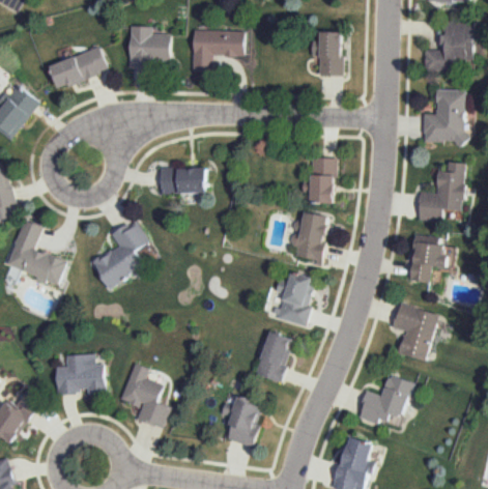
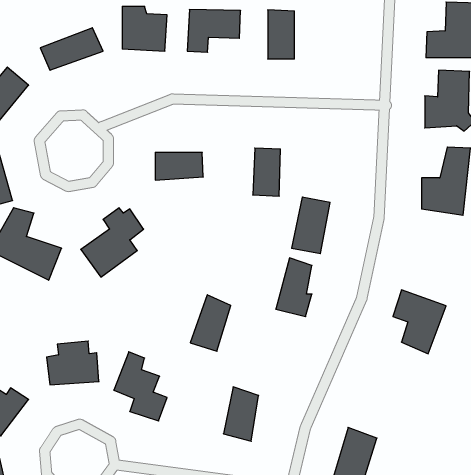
building: [317,30,343,78] -> [268,10,294,59]
building: [308,156,335,203] -> [253,148,280,196]
building: [408,233,450,283] -> none
building: [254,326,293,381] -> [190,295,231,351]
building: [358,373,417,430] -> none

